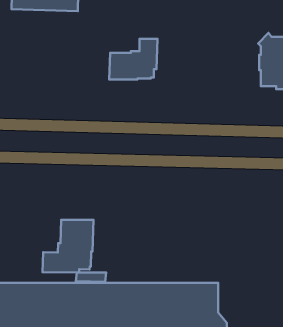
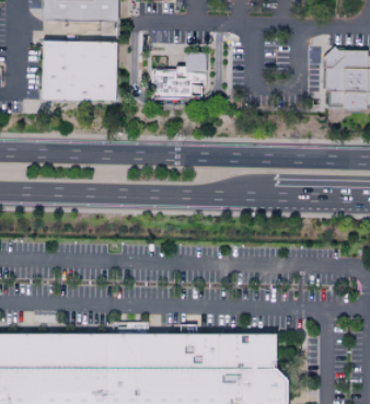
building: none -> [39,41,116,102]
building: [42,220,93,272] -> none

